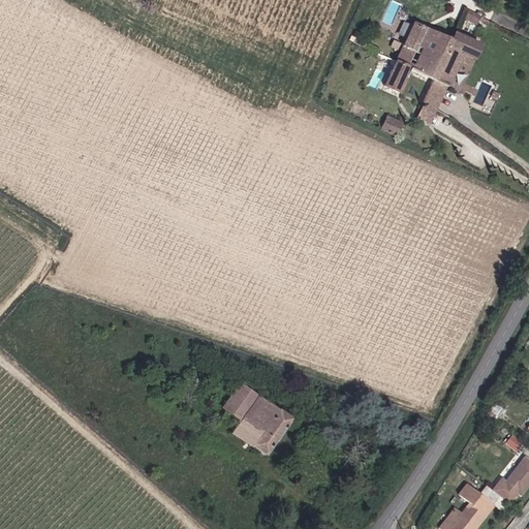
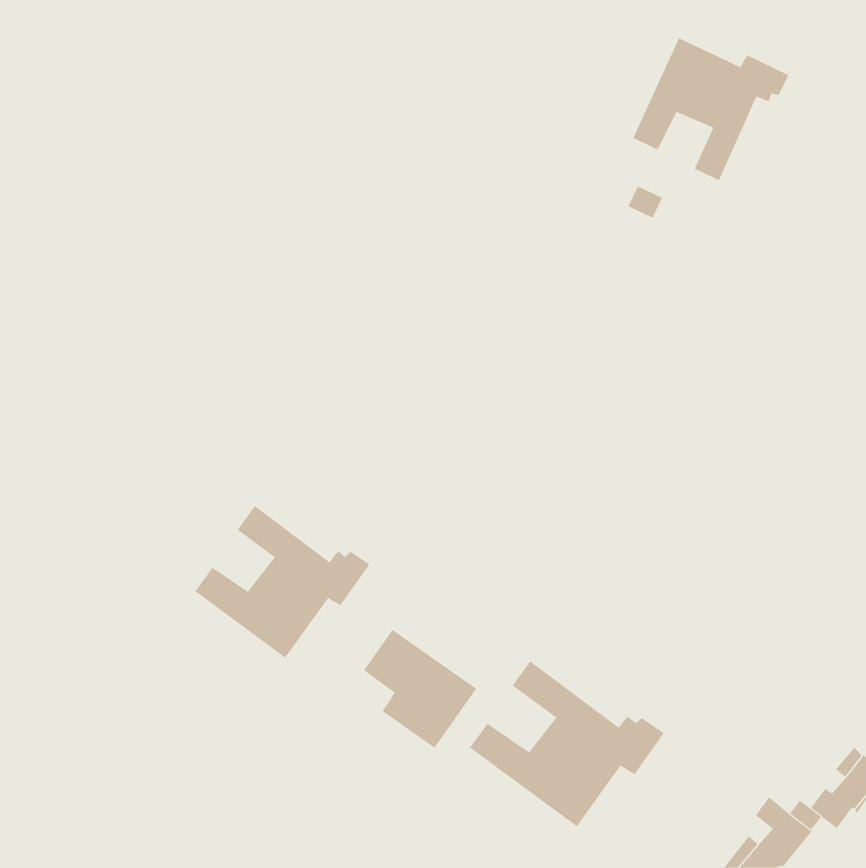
building: none -> [195,505,370,659]
building: none -> [469,661,665,827]

